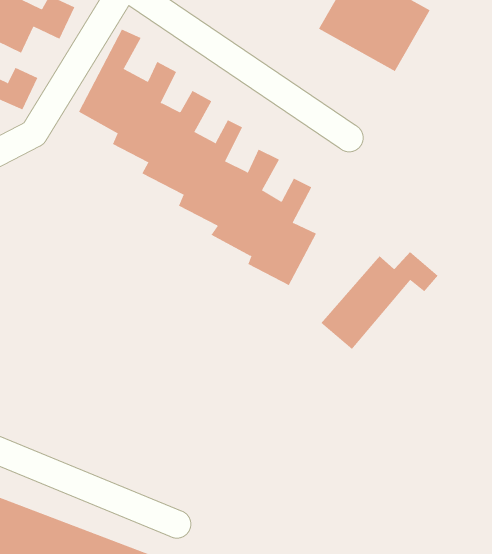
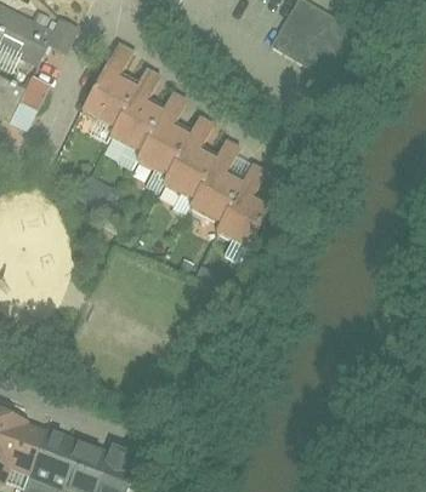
building: [320,251,439,350] -> none

